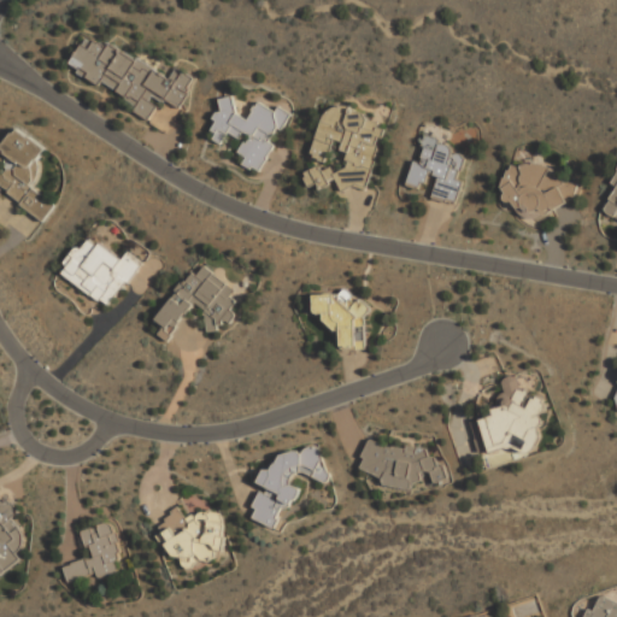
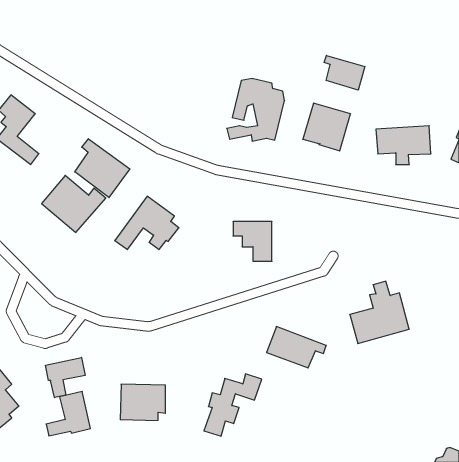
building: [65,36,193,111] -> none
building: none -> [324,55,365,90]
building: [210,96,288,170] -> none
building: none -> [75,139,130,198]
building: [249,443,327,527] -> [204,374,262,436]
building: none -> [46,357,85,398]

